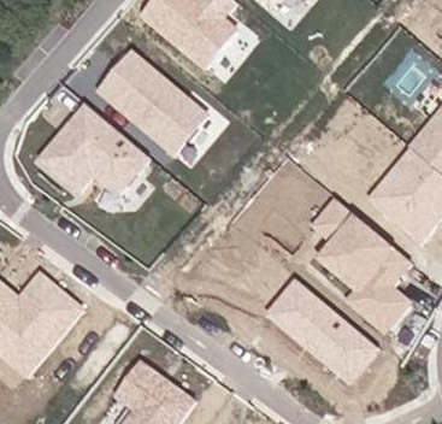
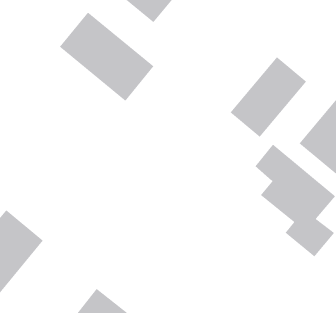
building: none -> [230,56,307,138]
building: [40,105,148,196] -> none
building: [269,279,379,382] -> none

